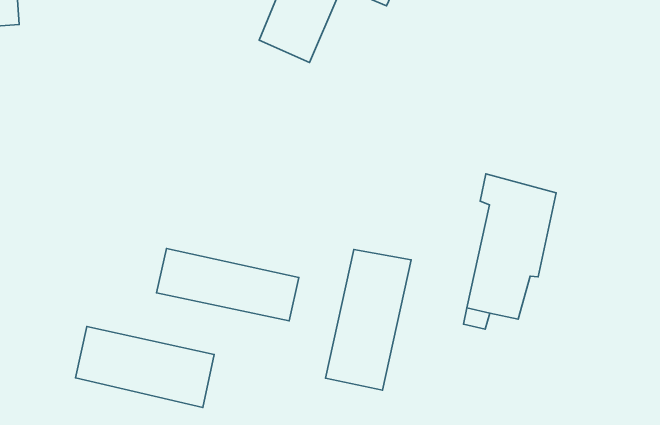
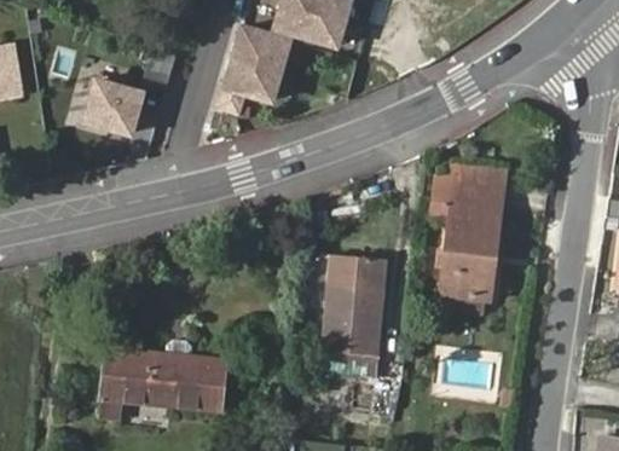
building: none -> [83,76,140,131]
building: [157,249,299,321] -> none

